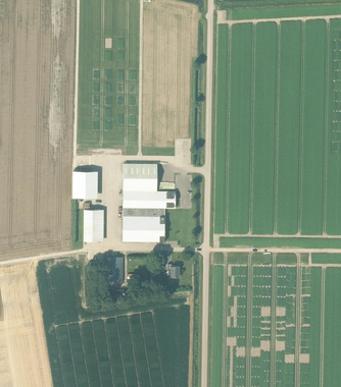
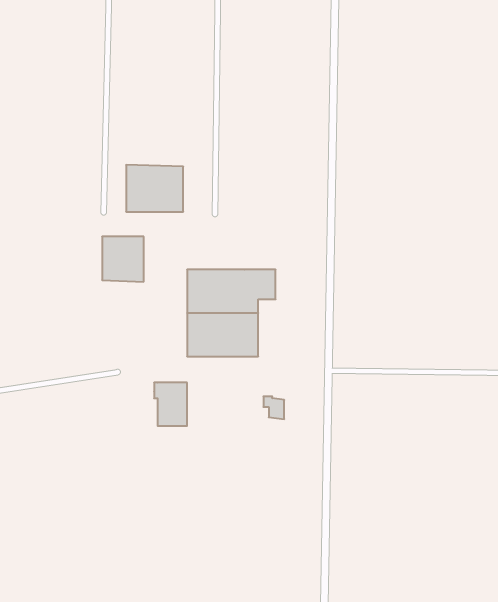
building: [123,163,156,190] -> [126,165,183,212]
building: [83,210,103,242] -> none

